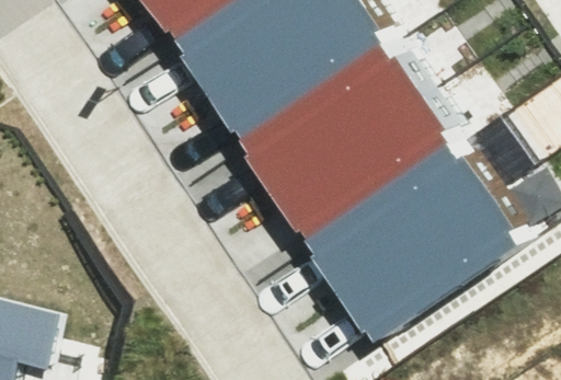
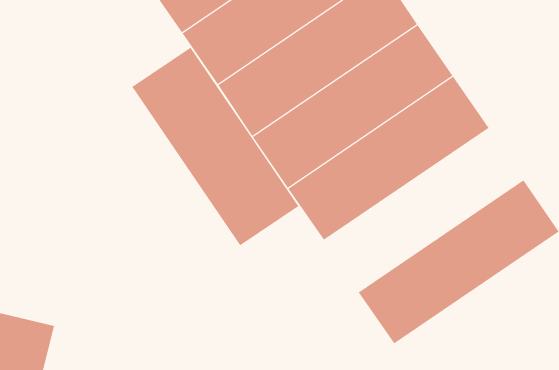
building: none -> [131,47,299,246]
building: [311,134,502,290] -> none

